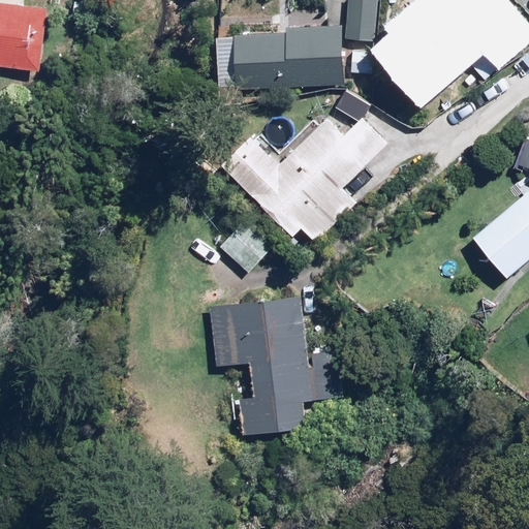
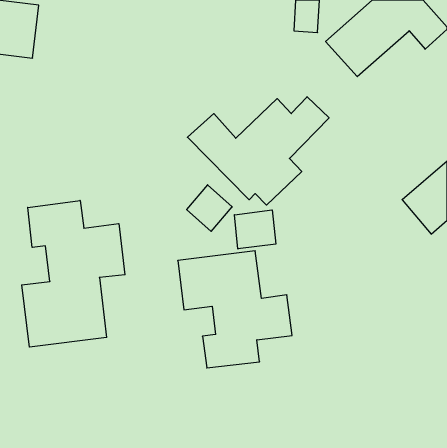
building: [231,29,344,90] -> none
building: none -> [22,200,125,347]
building: none -> [234,210,276,249]

